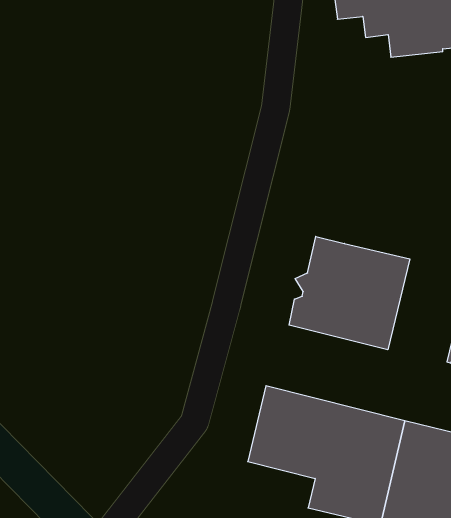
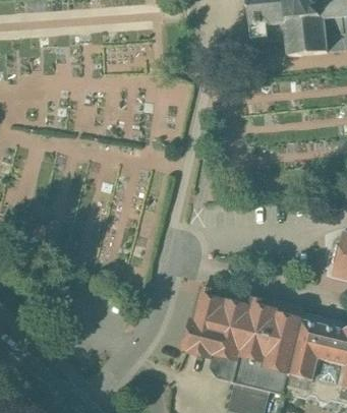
building: [289,236,410,350] -> none

